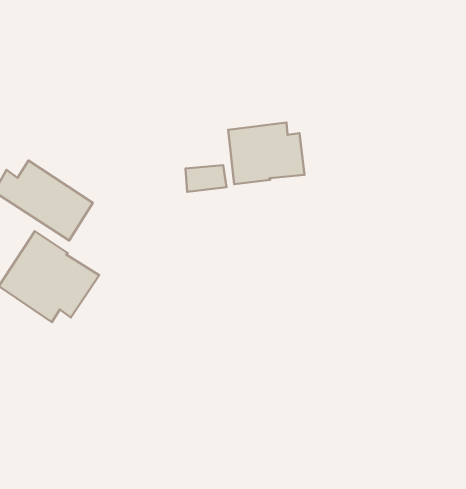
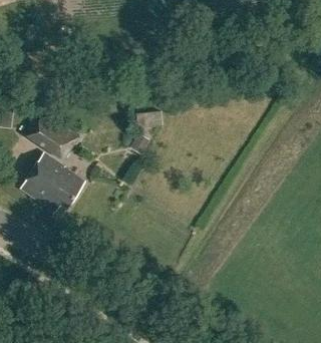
building: [228,123,305,184] -> none

